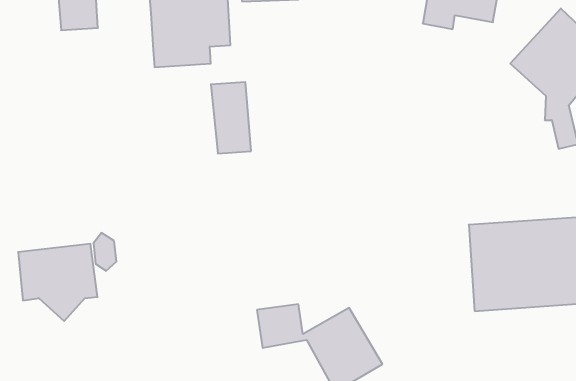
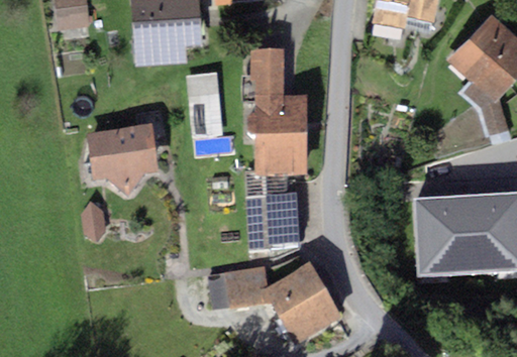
building: none -> [251,56,308,175]
building: none -> [247,195,299,253]
building: [18,244,98,321] -> [89,130,159,198]

